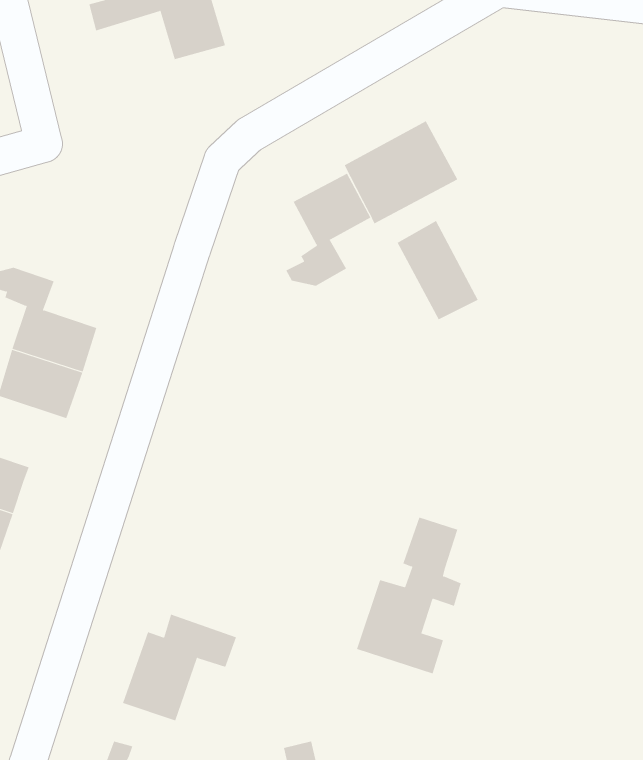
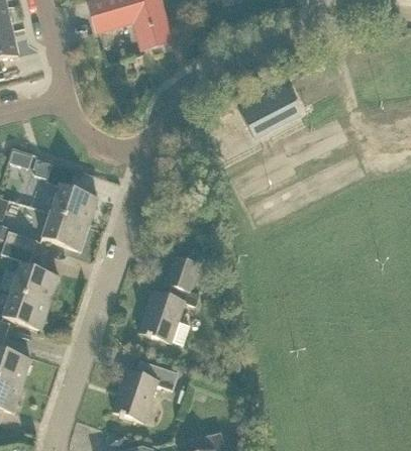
building: [286,173,371,287] -> none
building: [397,220,478,320] -> none
building: [356,517,462,674] -> [139,256,199,345]

